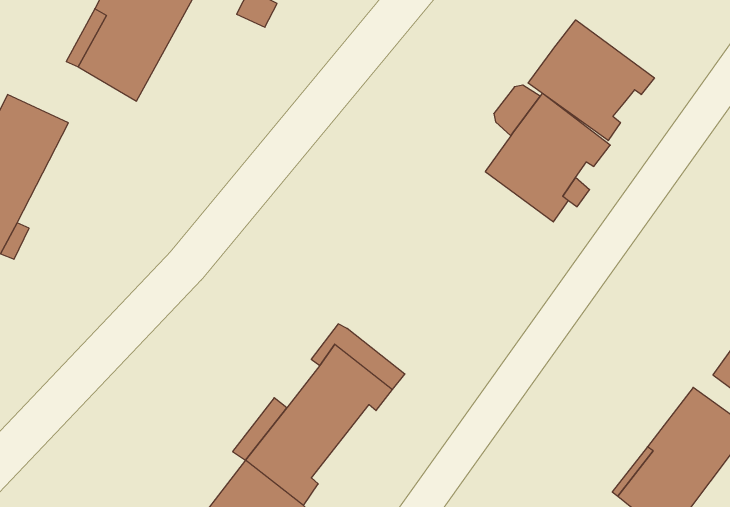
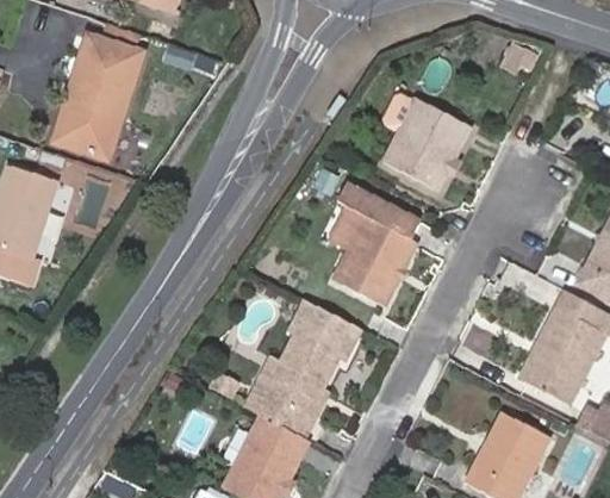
building: [528,20,654,141] -> none
building: none -> [334,185,422,307]

